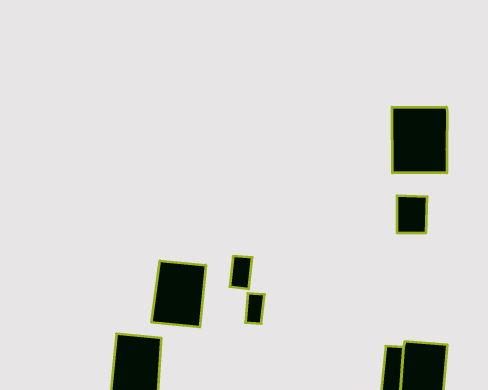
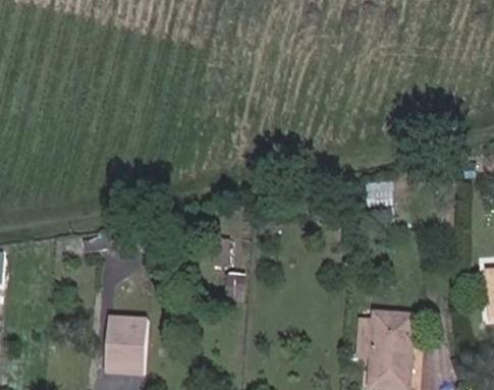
building: [392,107,447,173] -> none
building: [152,261,206,327] -> none

